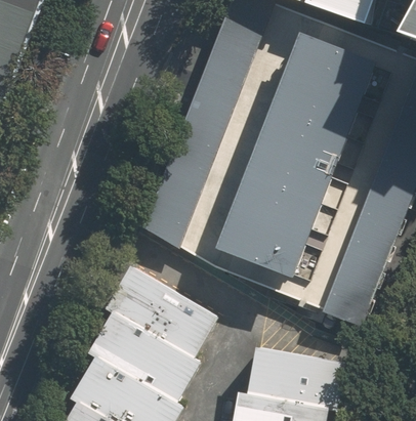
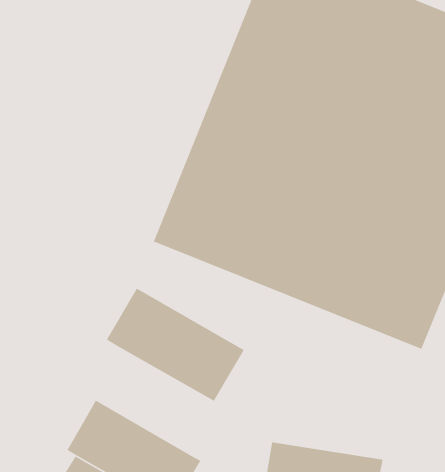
building: [90,313,200,403] -> none
building: [246,347,347,407] -> none

